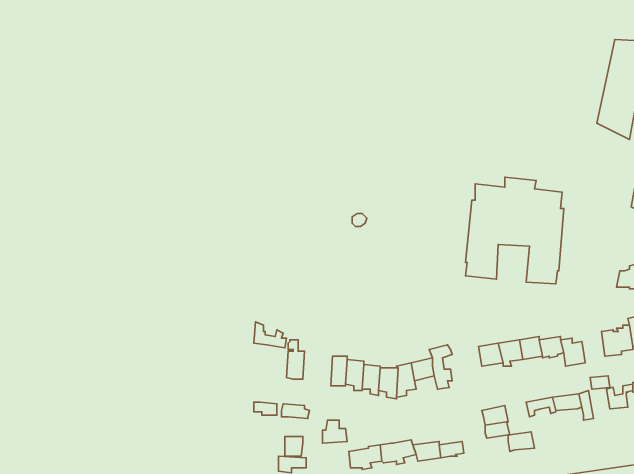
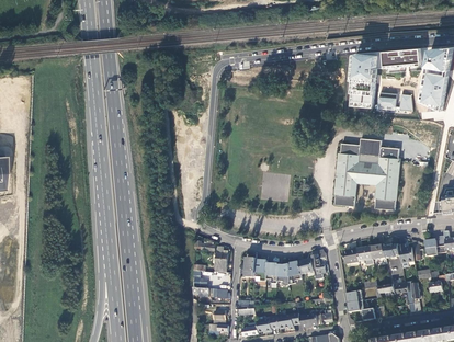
building: none -> [350,53,421,112]

